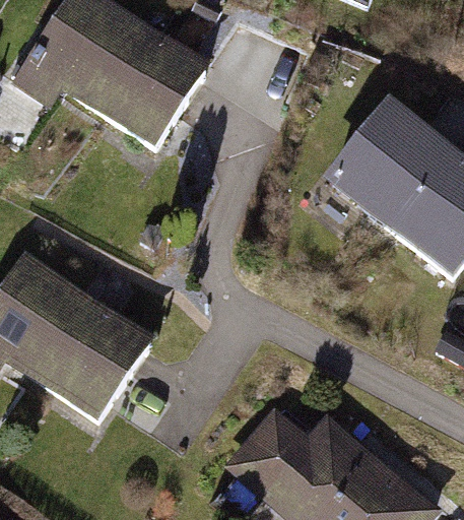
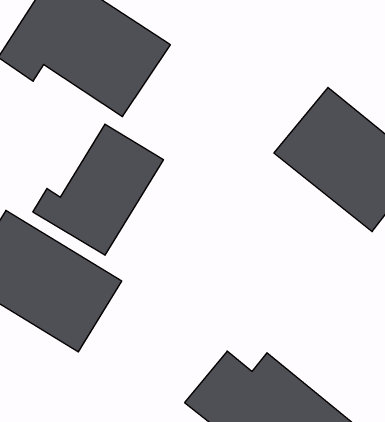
building: none -> [33,124,163,255]

